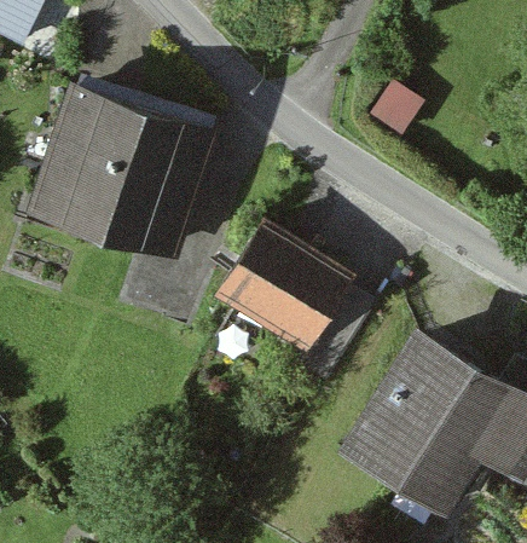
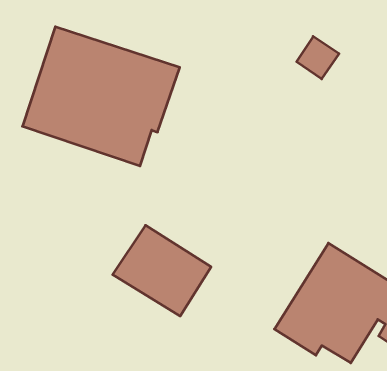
building: [218,232,341,346] -> [113,225,211,316]

